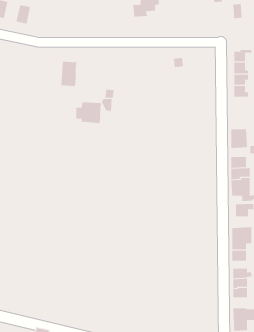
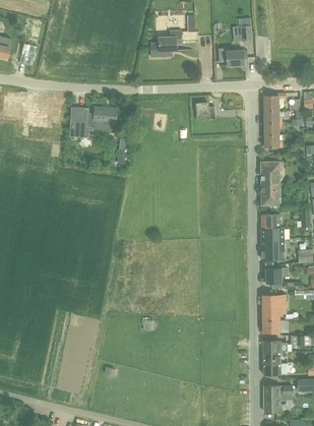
building: none -> [217,48,247,65]
building: [75,102,102,124] -> [87,107,117,131]
building: none -> [260,162,279,183]

